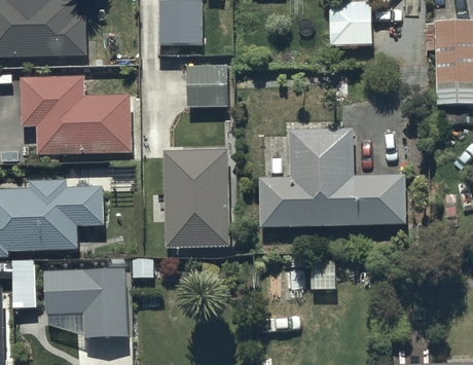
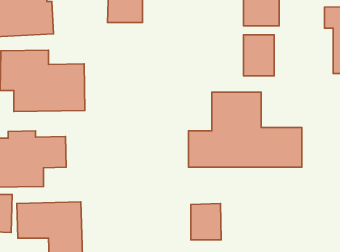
building: none -> [244,35,274,76]
building: [184,64,235,108] -> none
building: [161,151,227,246] -> none
building: none -> [191,204,221,240]

